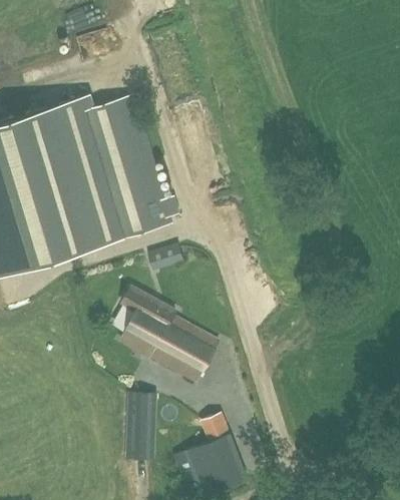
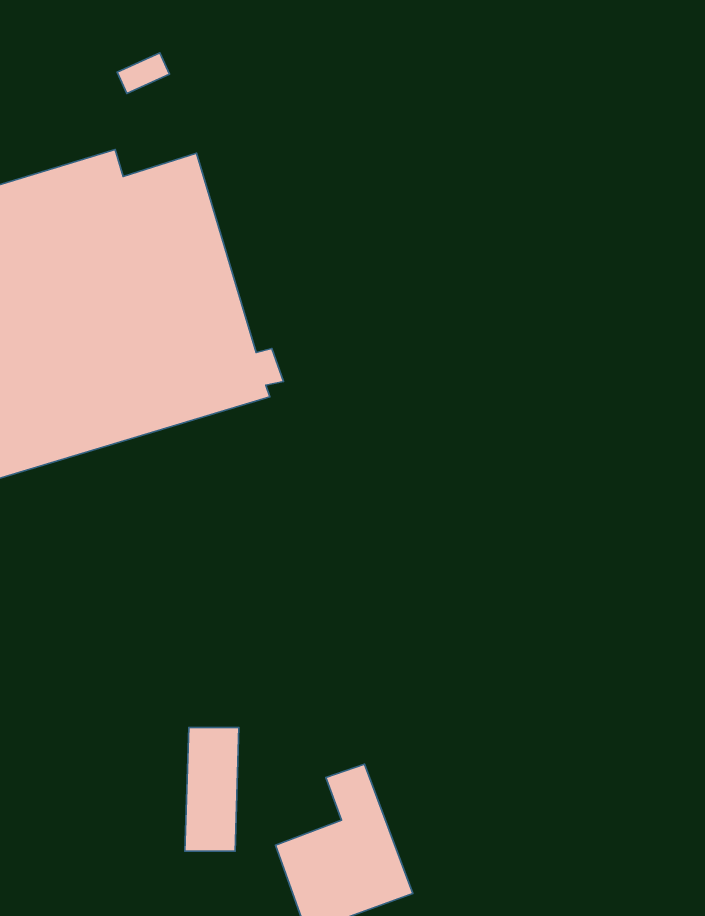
building: [147,244,183,273] -> none
building: [120,288,218,383] -> none

